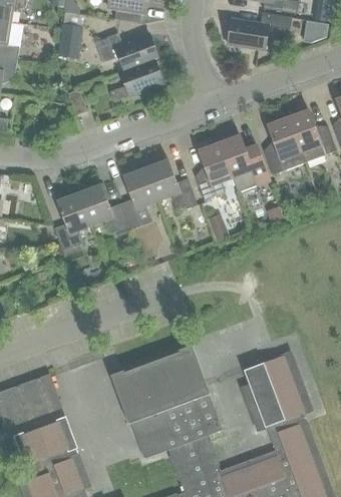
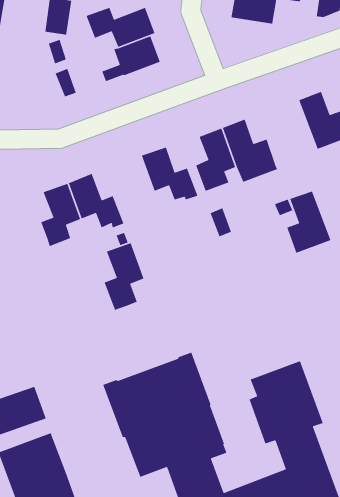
building: [264,117,305,174] -> [286,191,331,254]
building: [120,167,157,229] -> [104,242,144,311]

